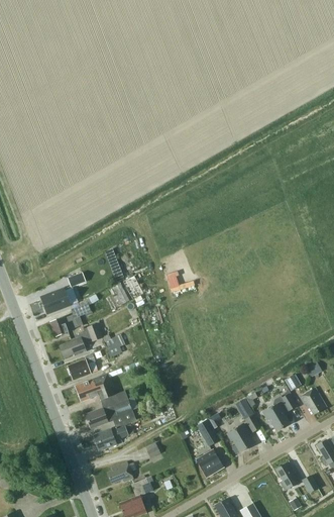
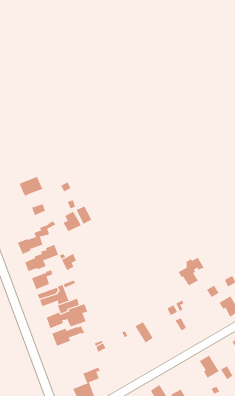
building: [39,289,70,314] -> [19,176,43,197]
building: [262,394,296,430] -> [178,257,205,286]
building: [226,424,252,452] -> none
building: [196,449,223,478] -> none
building: [107,461,134,484] -> none

